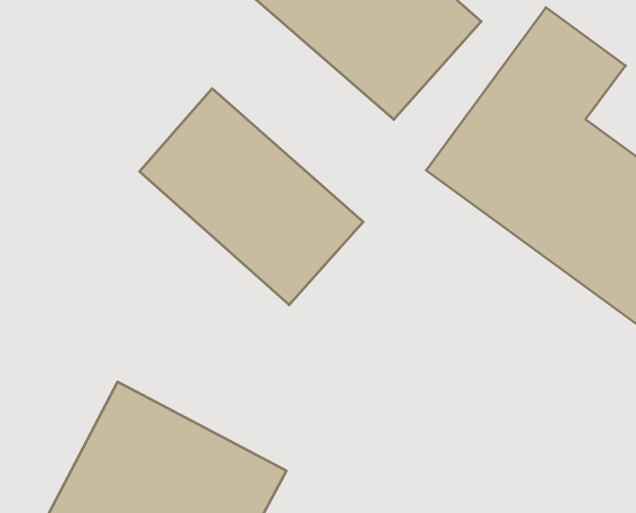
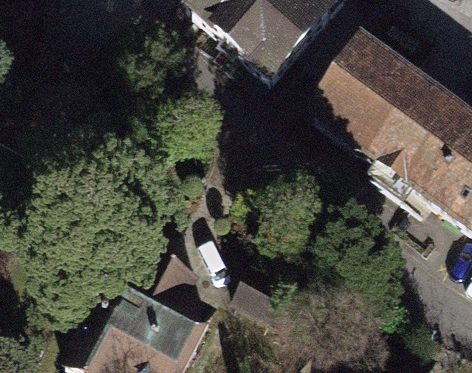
building: [140,89,363,305] -> none

